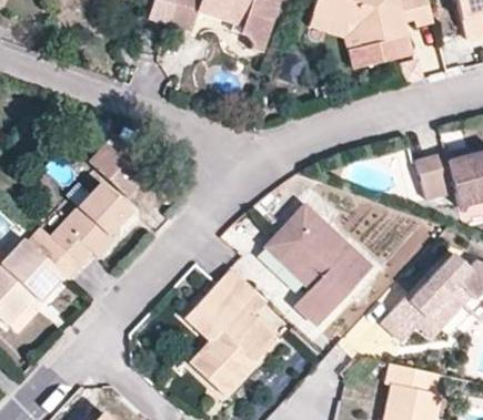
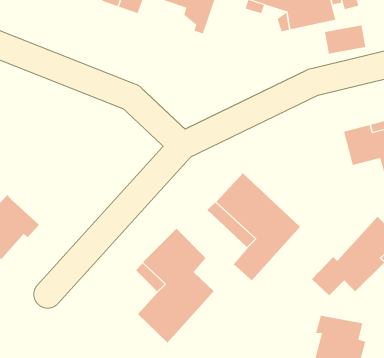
building: [88,142,144,196] -> none
building: [52,183,131,264] -> none

